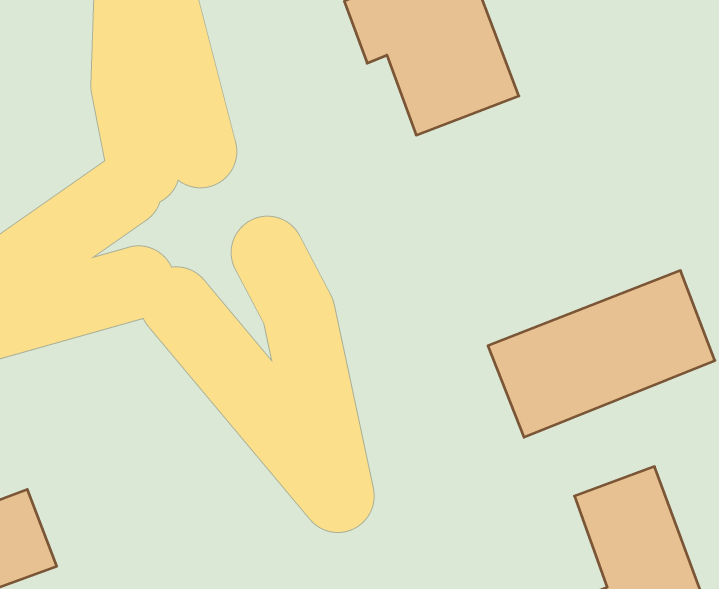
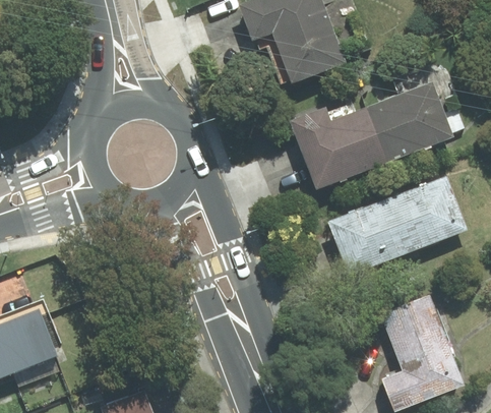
building: none -> [288,82,450,189]

